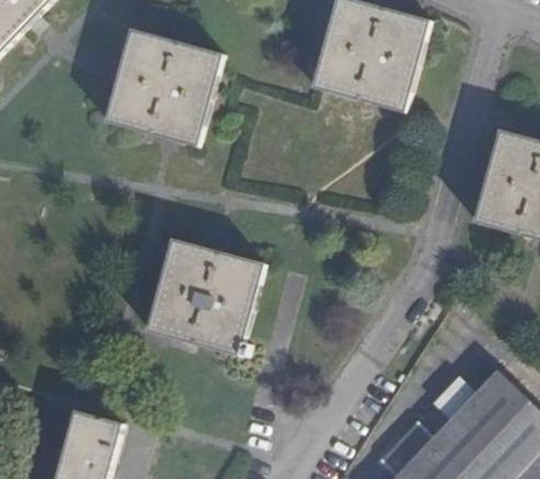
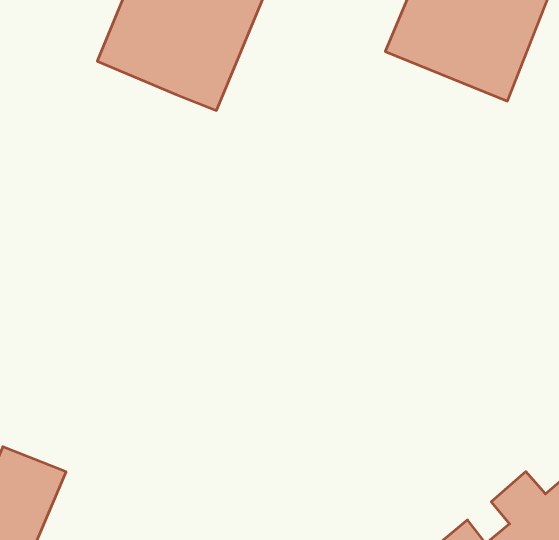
building: [149,239,266,356] -> none

